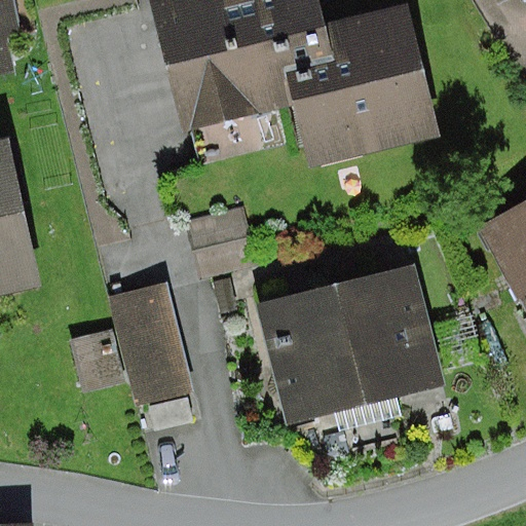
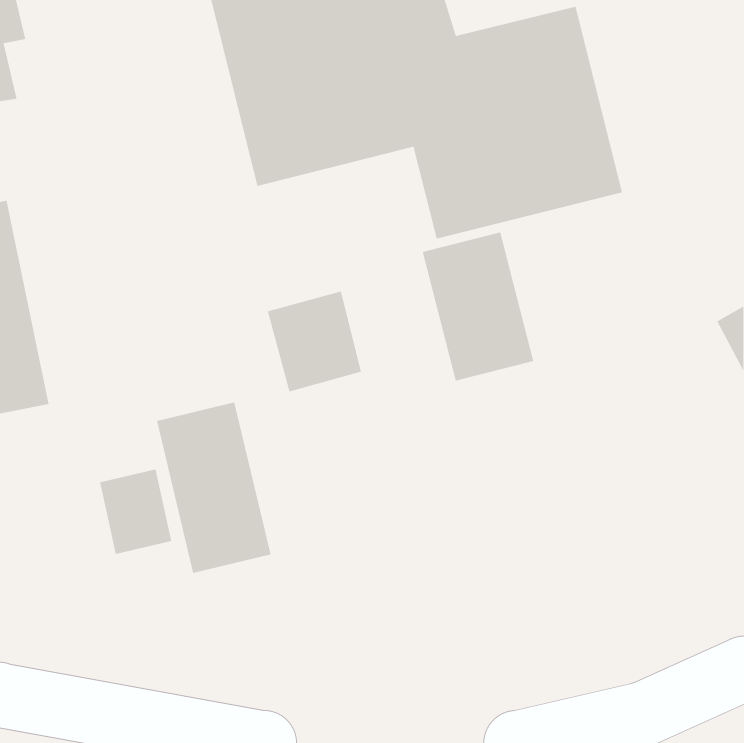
building: none -> [422,232,534,382]
building: [280,262,464,417] -> none

